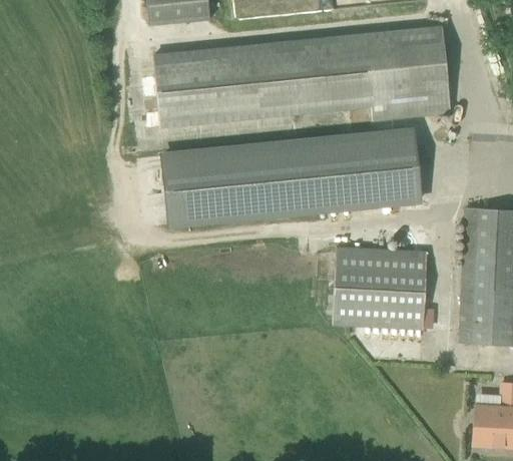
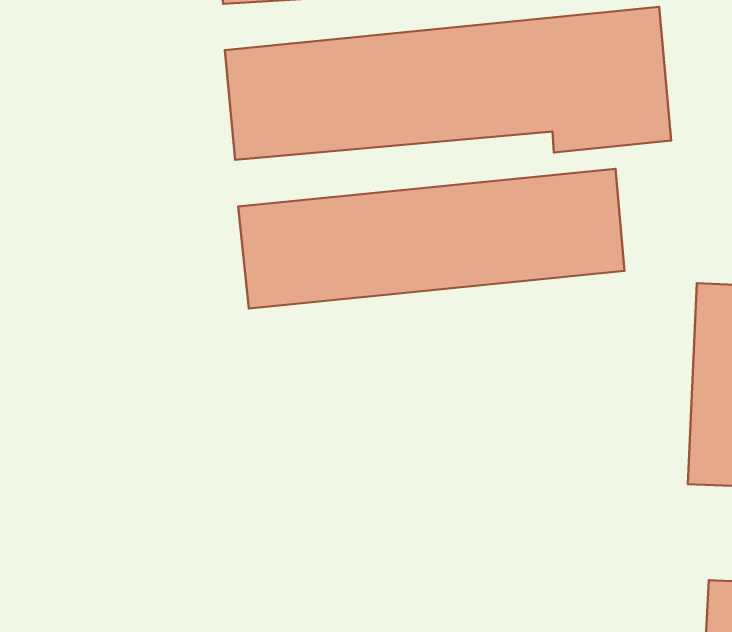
building: [334,249,428,328] -> none

